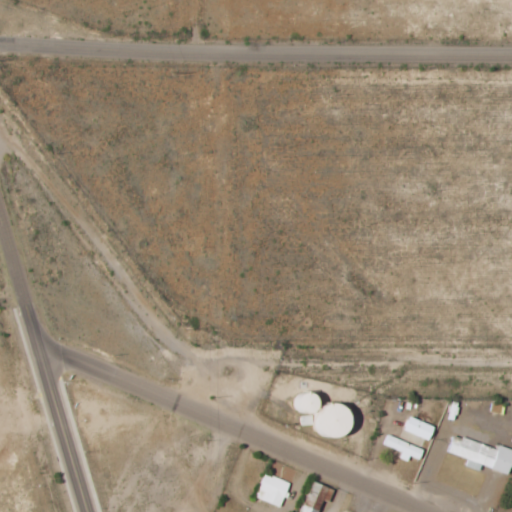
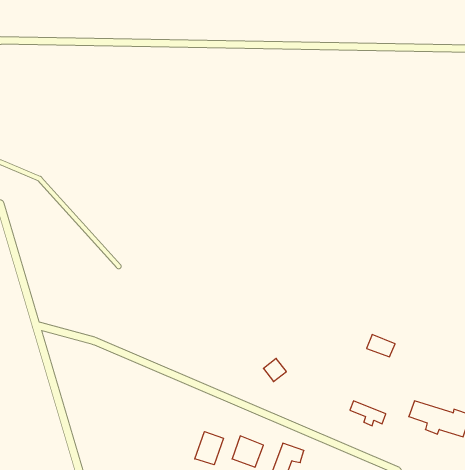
building: [303,400,351,442] -> none
building: [404,417,435,441] -> [367,335,395,357]
building: none -> [195,432,223,465]

